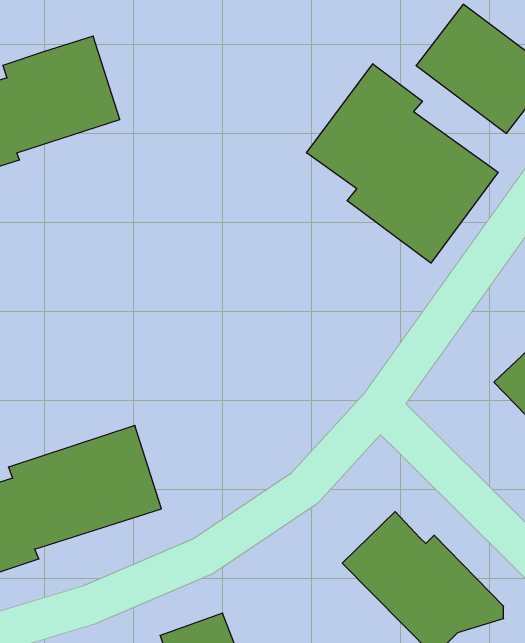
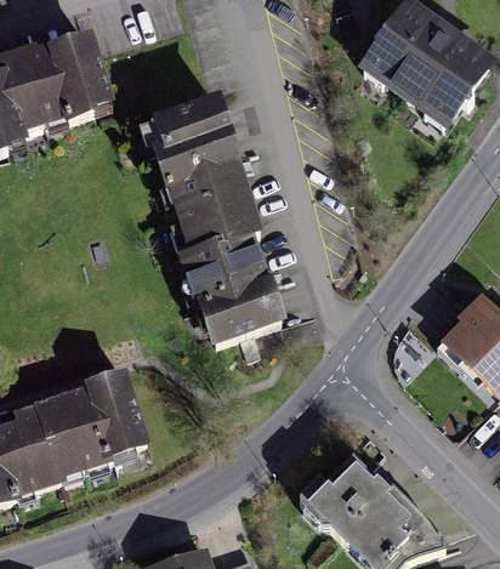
building: [306,64,498,263] -> none
building: none -> [141,99,284,347]

